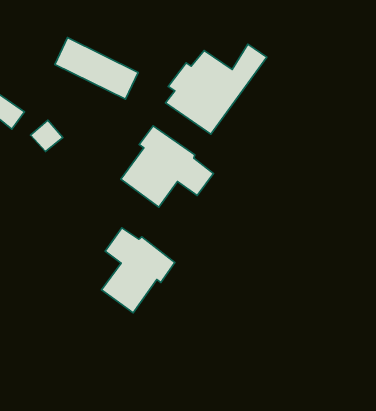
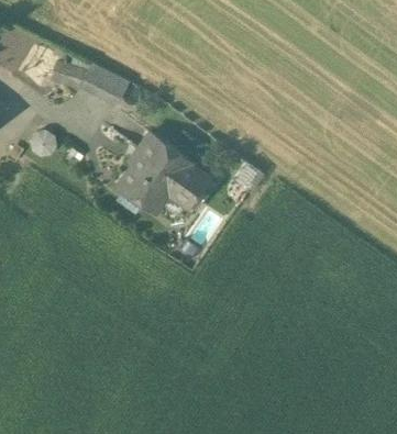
building: [166,44,267,134] -> none
building: [102,228,175,313] -> none

